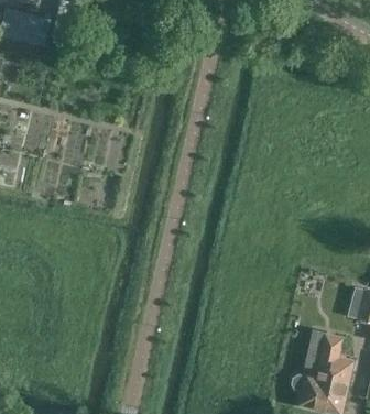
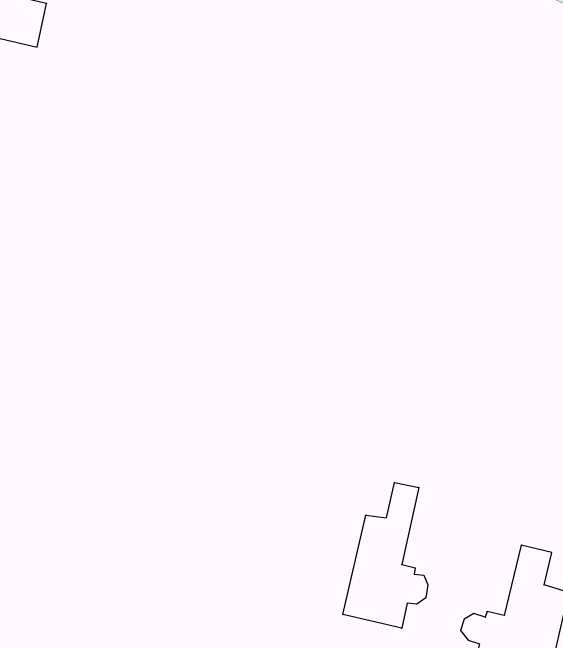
building: none -> [343,482,428,628]

